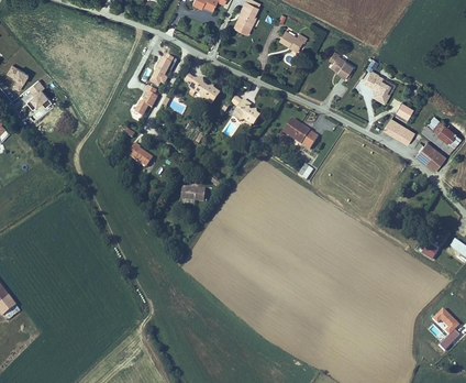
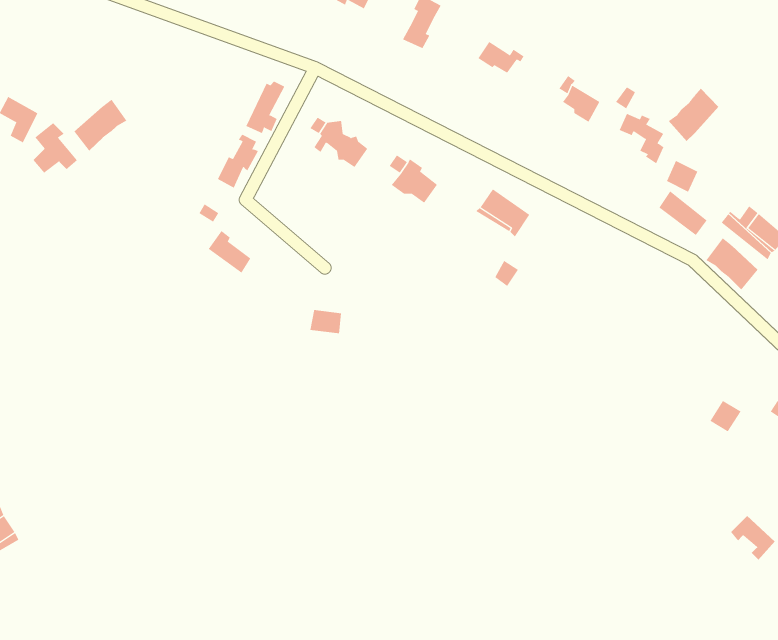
building: none -> [668,88,719,142]
building: none -> [73,99,127,151]

